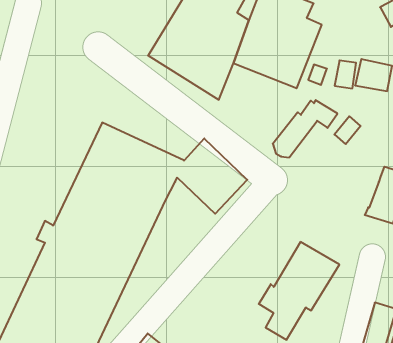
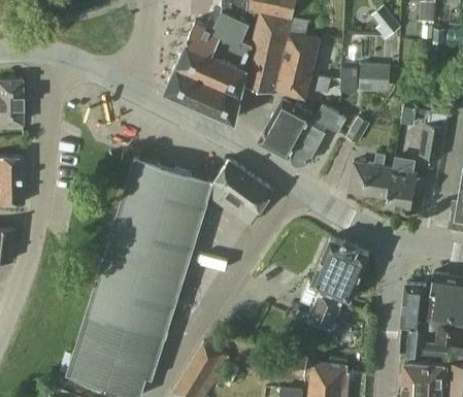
building: none -> [260,99,315,158]
building: none -> [349,154,394,199]

